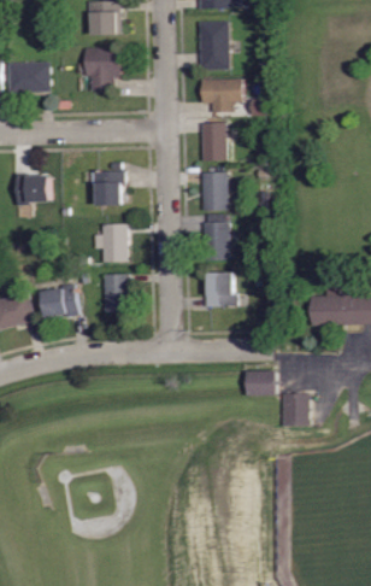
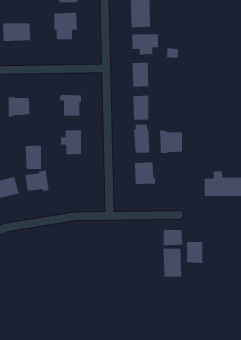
building: none -> [159,130,183,154]
building: [102,274,128,311] -> [25,145,42,170]
building: none -> [163,248,182,278]

